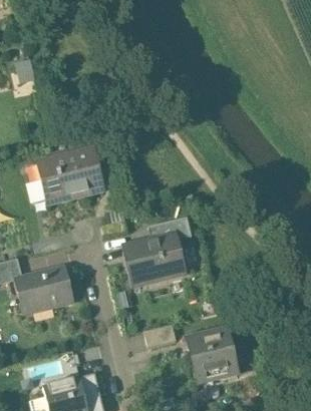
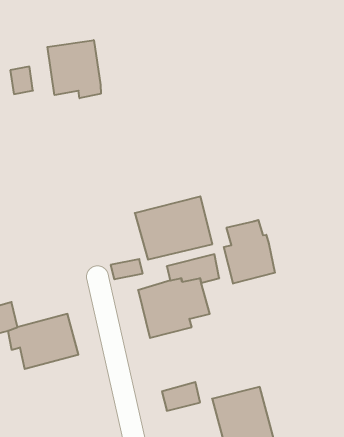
building: none -> [47,40,101,98]
building: [37,148,102,201] -> [135,196,212,260]
building: none -> [224,220,275,284]

